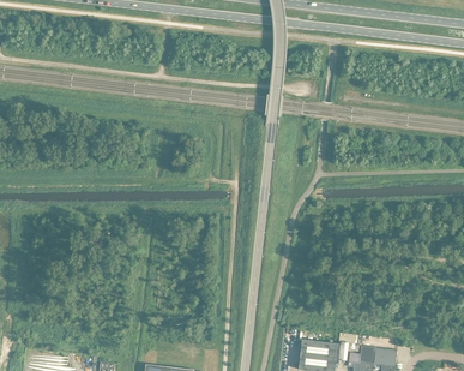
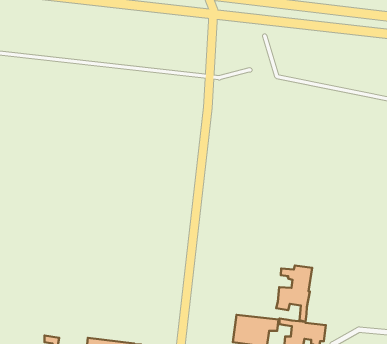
building: none -> [276,266,312,322]

